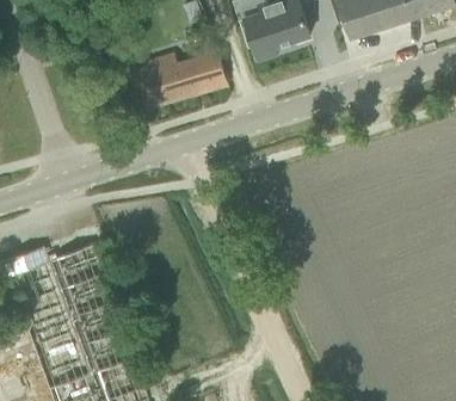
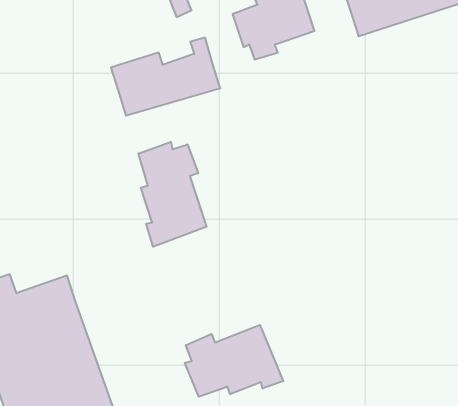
building: none -> [138,142,207,247]
building: none -> [185,325,283,397]

